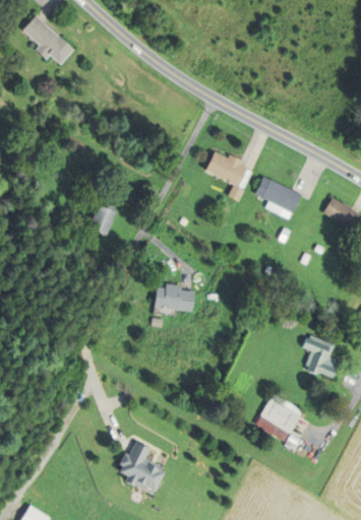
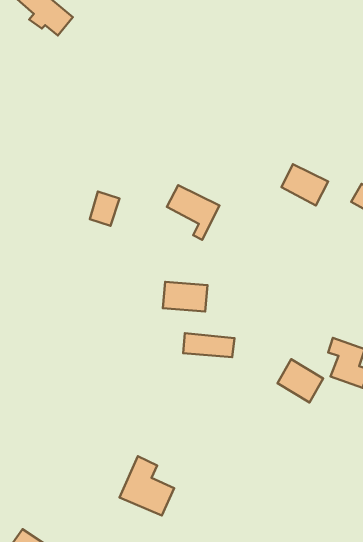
building: [204,151,251,200] -> [167,185,219,240]
building: none -> [183,333,234,357]
building: [258,397,299,436] -> [277,359,323,402]

